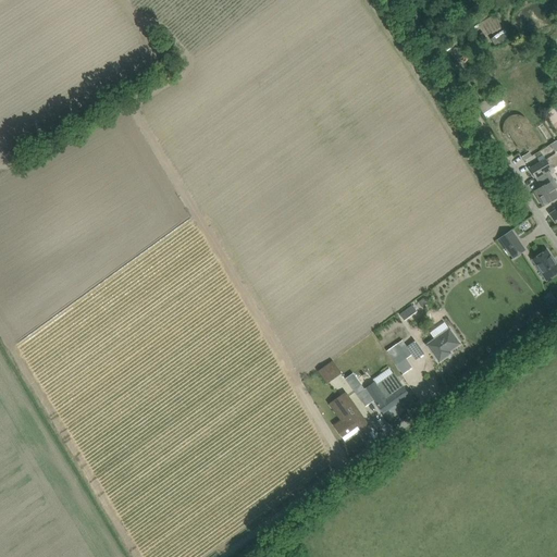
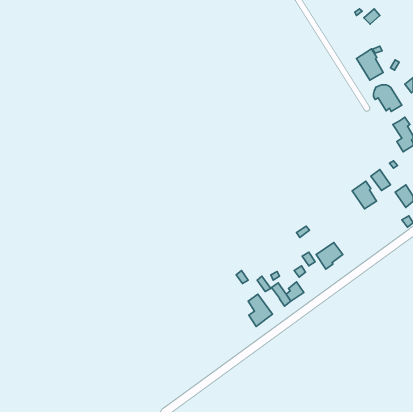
building: none -> [356,49,383,80]
building: none -> [352,181,377,209]

